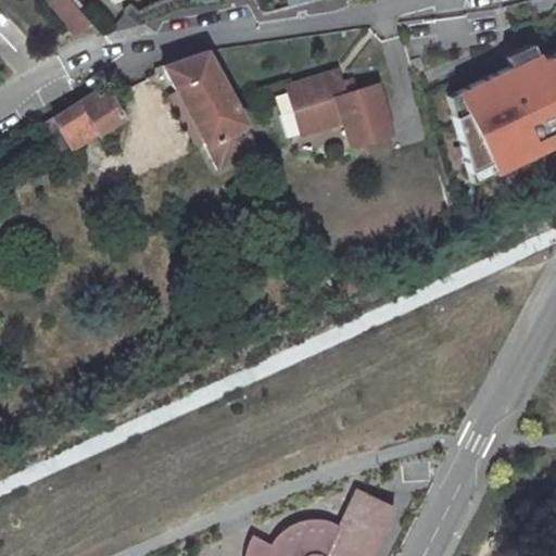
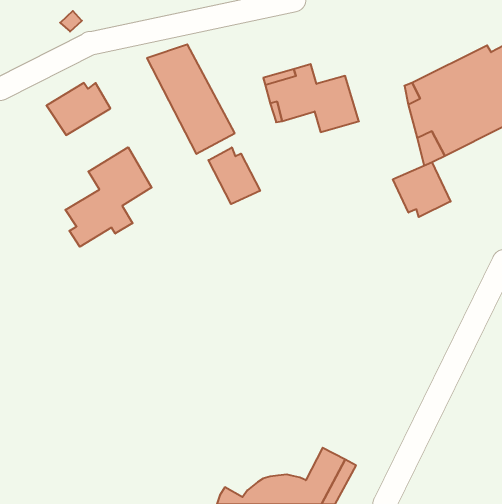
building: none -> [65,147,152,247]
building: none -> [208,147,260,204]
building: none -> [393,162,451,217]

